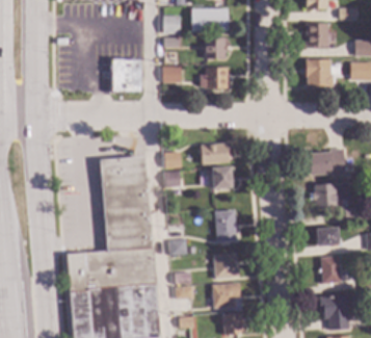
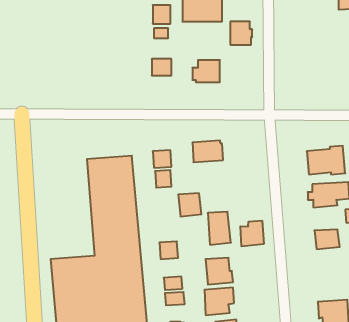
building: [306,22,327,45] -> none
building: [206,36,227,58] -> [230,22,252,45]
building: [306,58,333,86] -> none
building: [112,59,140,92] -> none
building: [211,166,233,188] -> [178,193,201,216]
building: none -> [240,221,264,246]
building: [320,255,341,283] -> none

